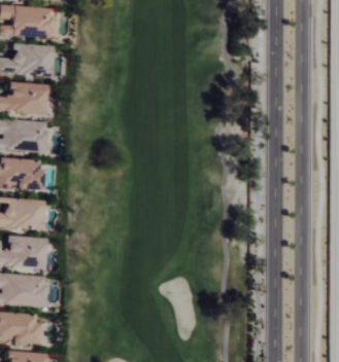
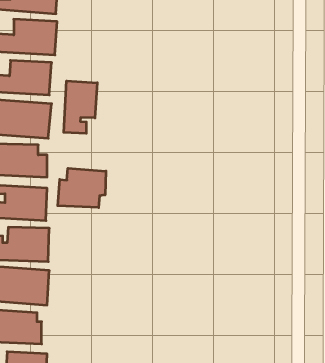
building: none -> [64,81,97,133]
building: none -> [58,168,106,208]

